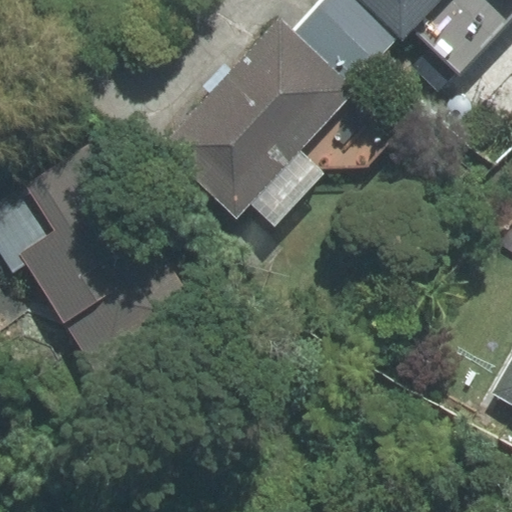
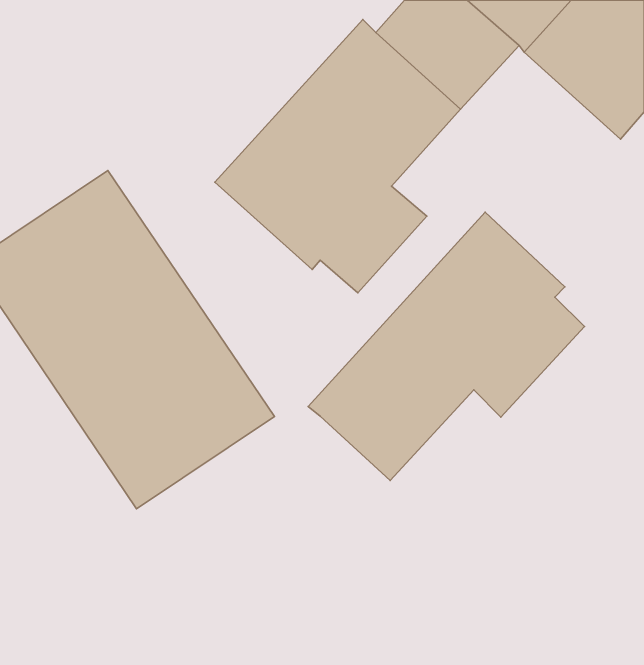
building: none -> [308,212,584,481]

